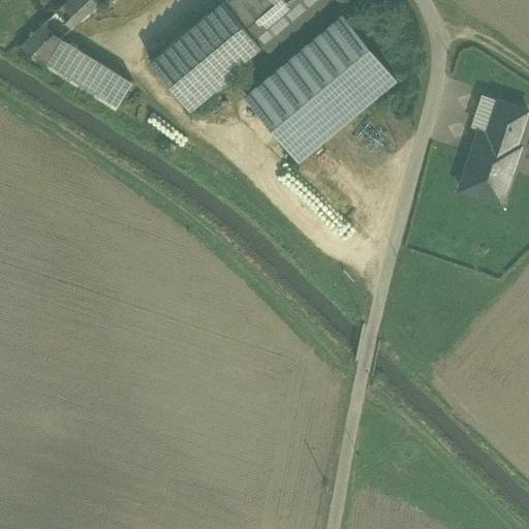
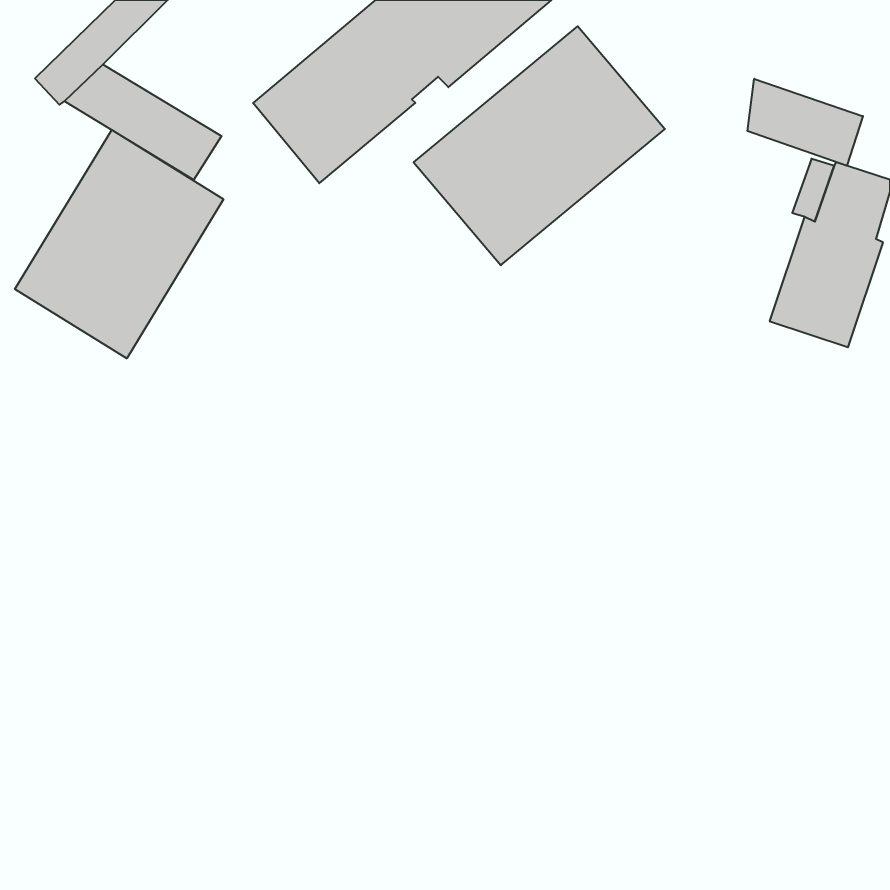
building: none -> [747,79,863,166]
building: none -> [15,130,223,358]

